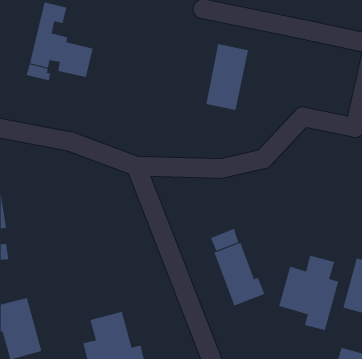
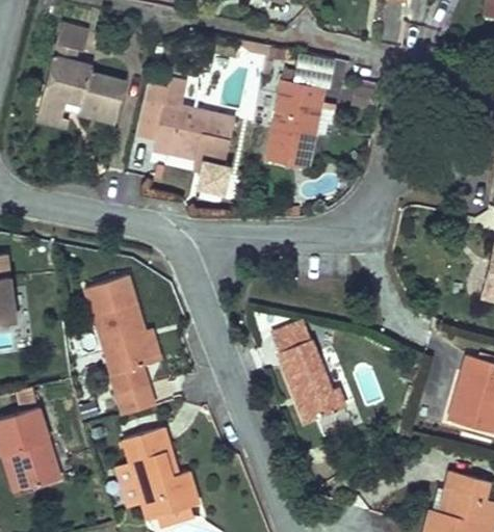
building: none -> [137,77,235,189]
building: none -> [83,274,162,419]
building: [278,255,339,331] -> none

